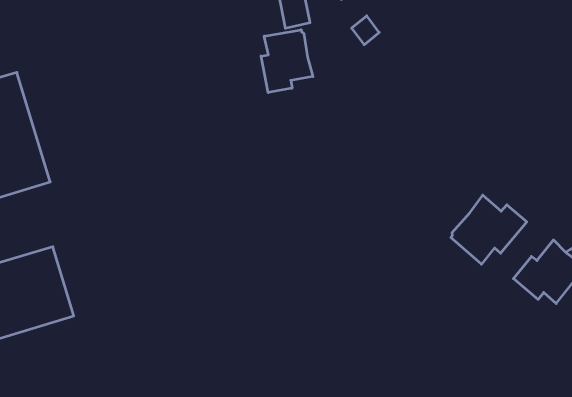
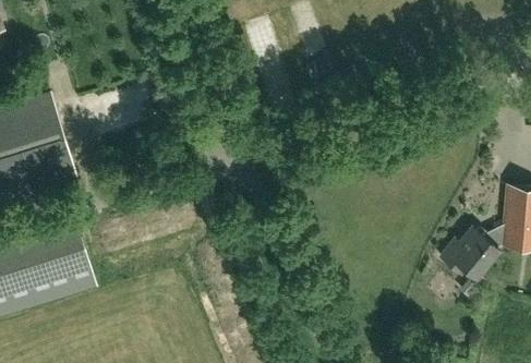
building: [261,30,313,93] -> none
building: [451,195,527,264] -> none

